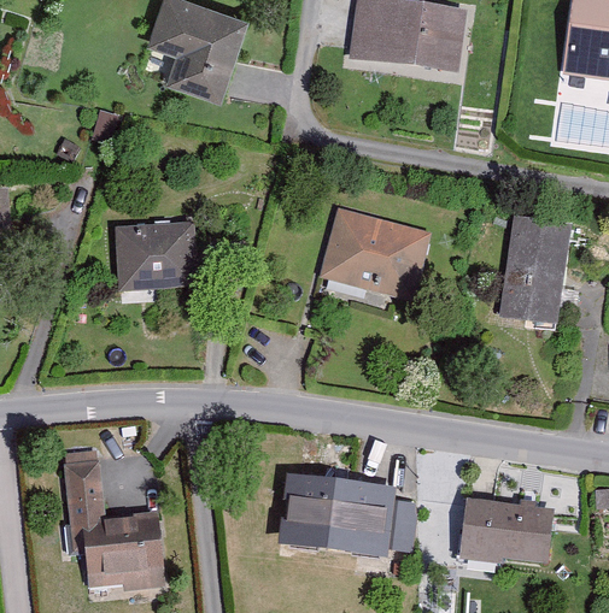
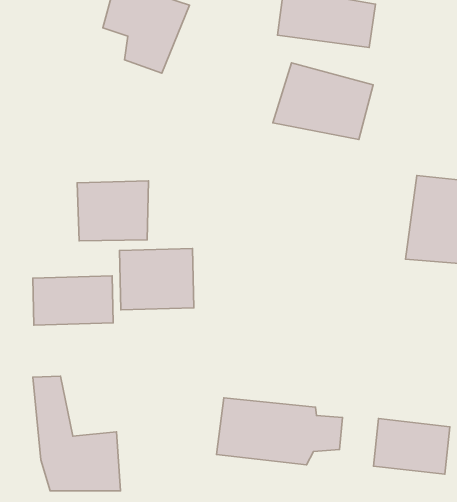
building: [317,208,434,297] -> [273,63,373,139]
building: none -> [119,248,194,310]
building: none -> [33,276,113,325]

